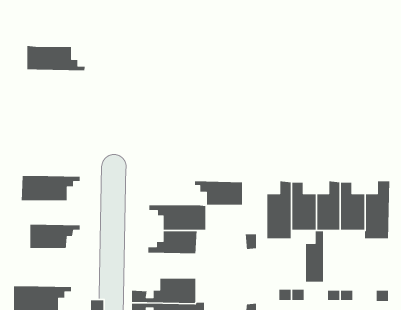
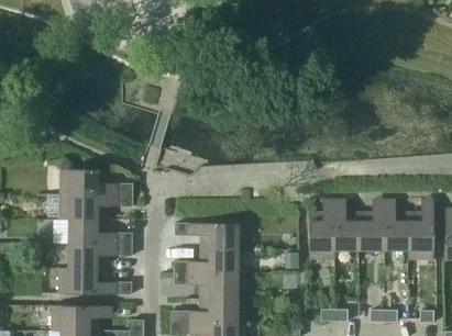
building: [26,45,86,71] -> [60,168,121,194]
building: [194,181,243,205] -> [188,272,238,298]
building: none -> [68,220,120,244]
building: [305,230,324,283] -> none
building: none -> [59,268,119,294]

